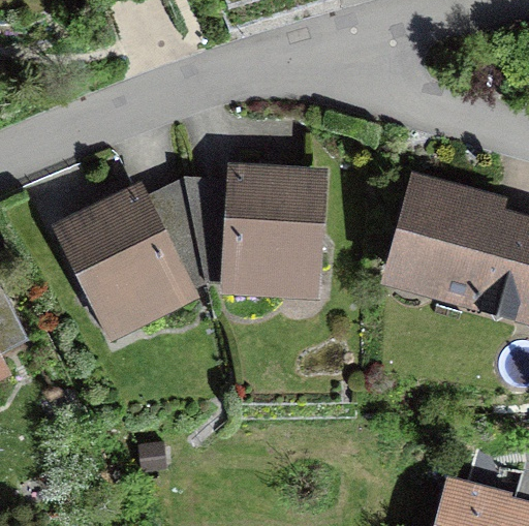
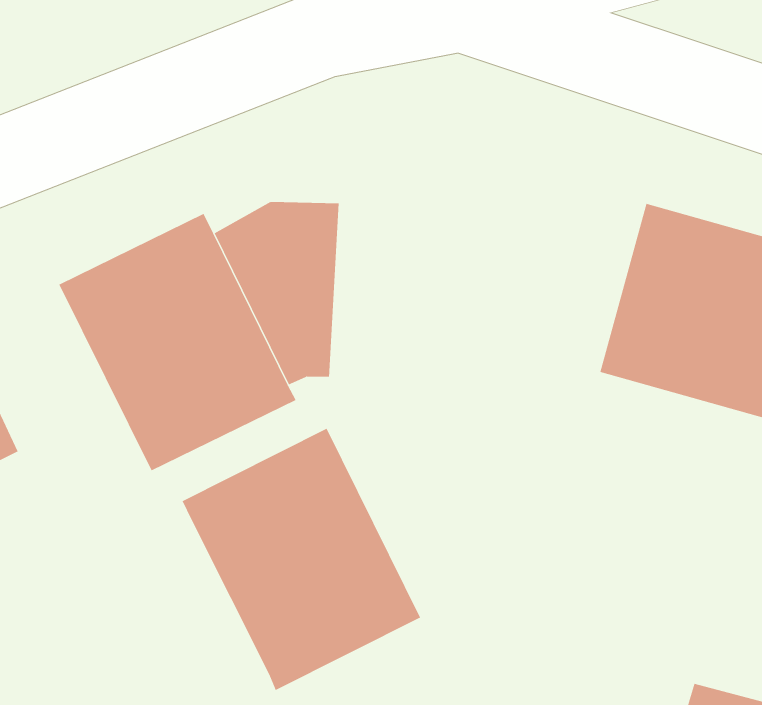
building: [220,162,326,301] -> none
building: none -> [182,428,421,691]

